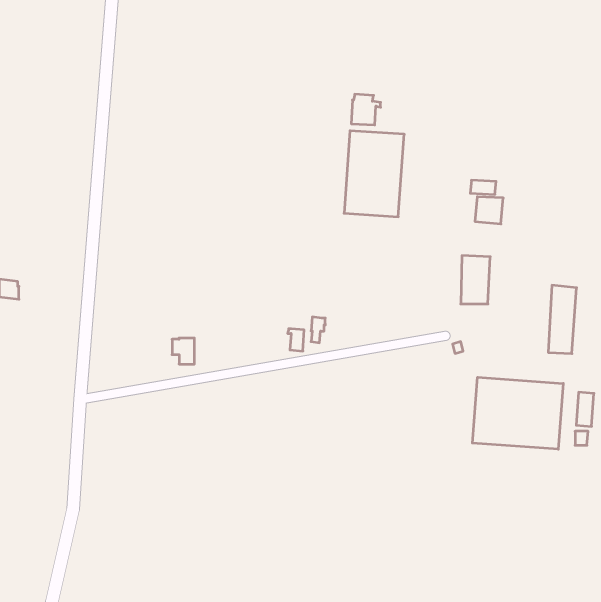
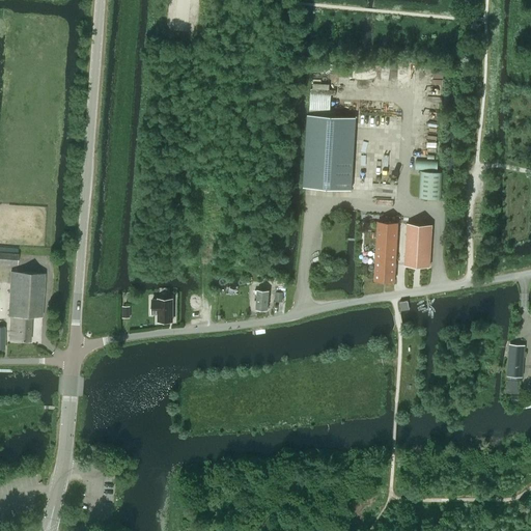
building: [548,285,577,354] -> [372,221,397,281]
building: none -> [7,271,44,340]
building: [472,377,563,449] -> none

